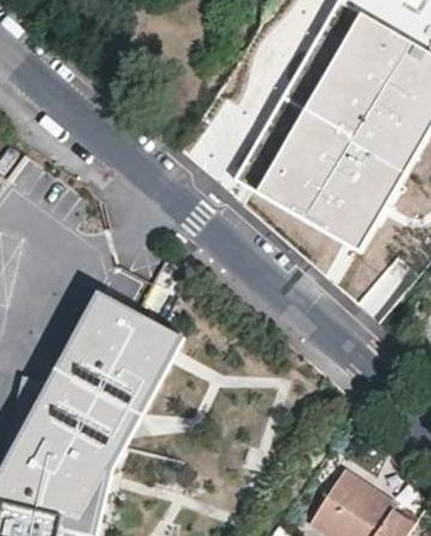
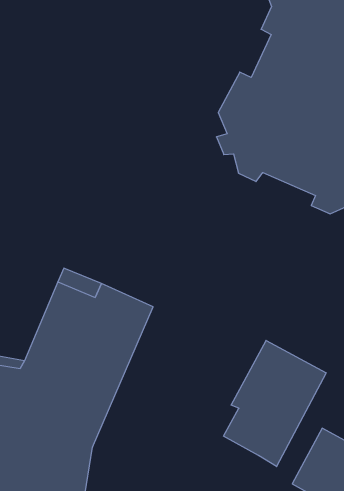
building: none -> [224,340,326,467]

